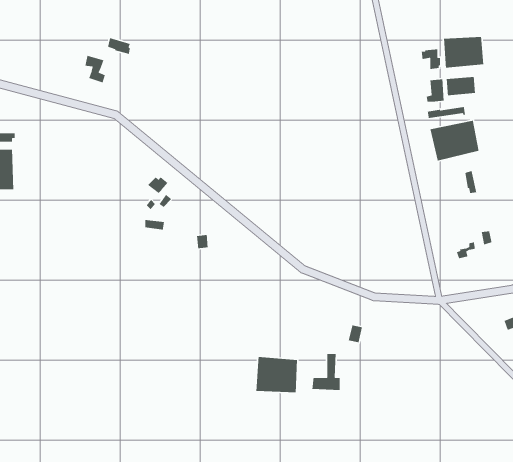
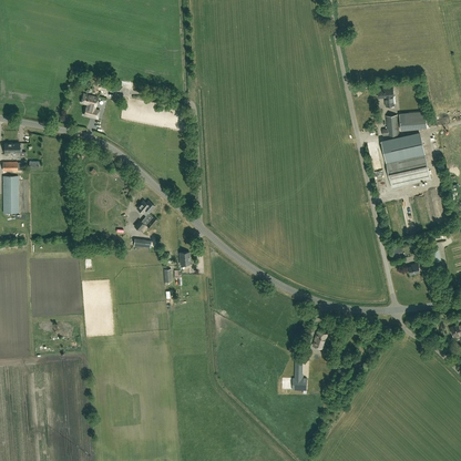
building: [443,36,484,68] -> none
building: [256,356,298,393] -> none

